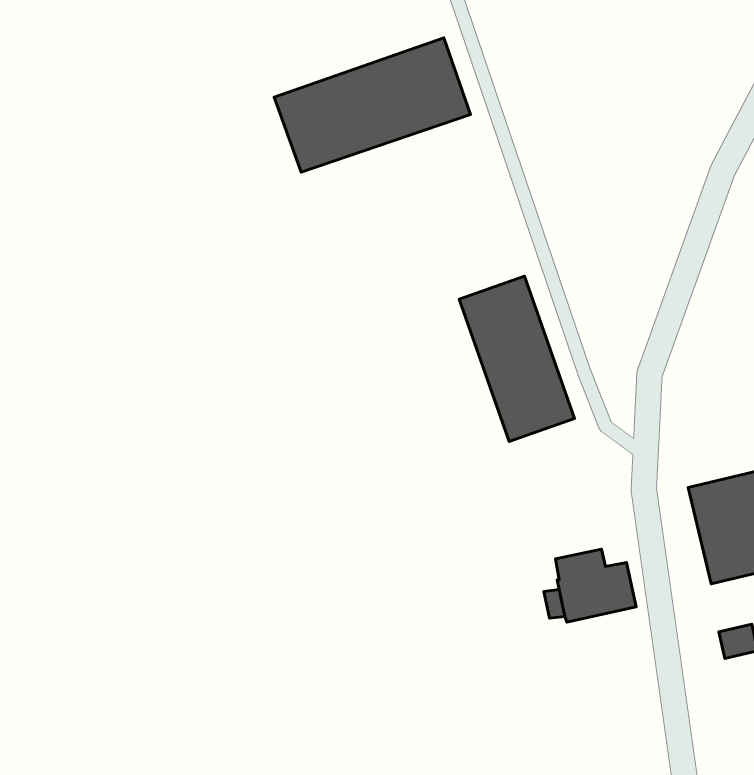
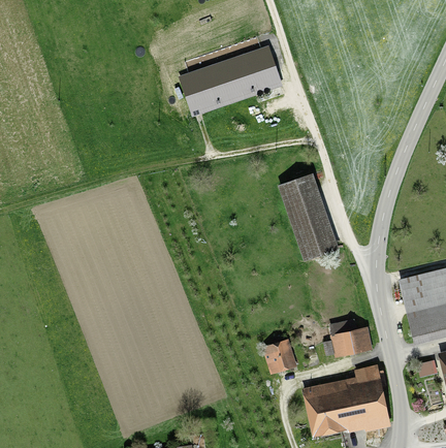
building: none -> [261,338,296,374]
building: none -> [301,365,388,430]

